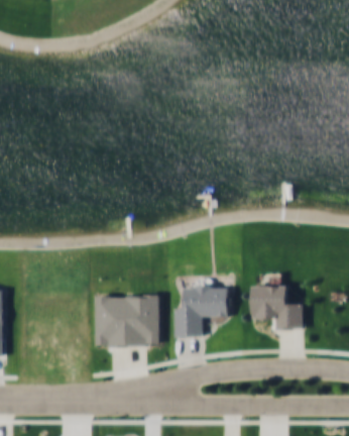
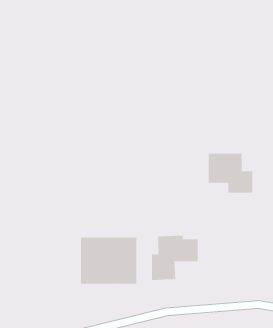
building: [250,285,302,330] -> [208,153,253,193]

